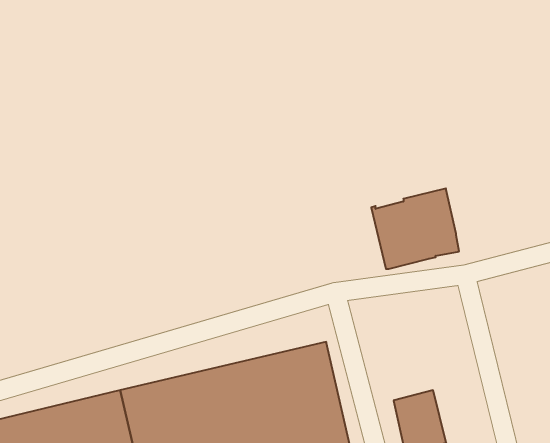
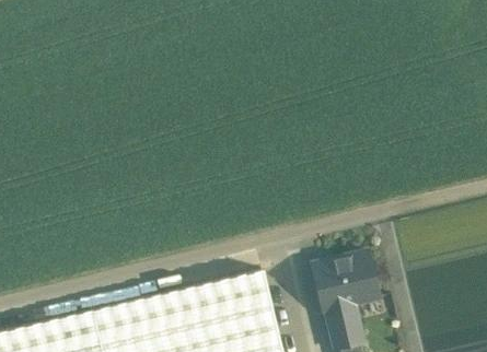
building: [371,188,459,269] -> [308,251,373,312]

